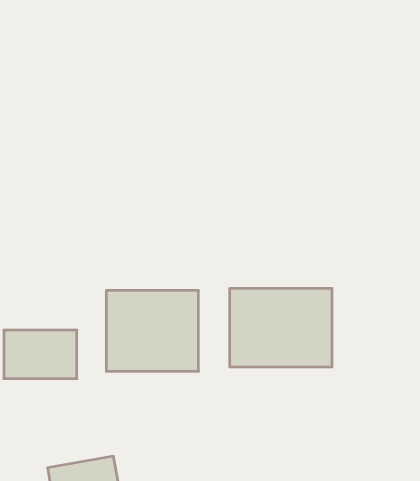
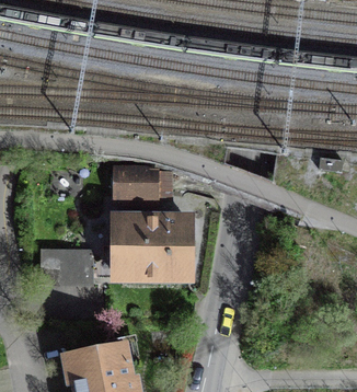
building: none -> [116,171,170,197]
building: [230,288,332,367] -> none

